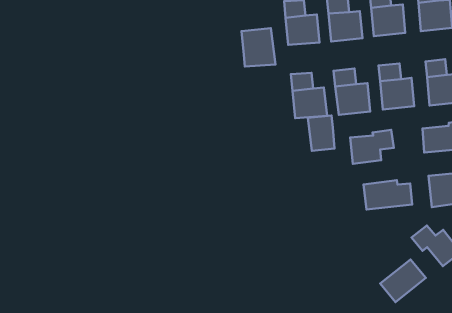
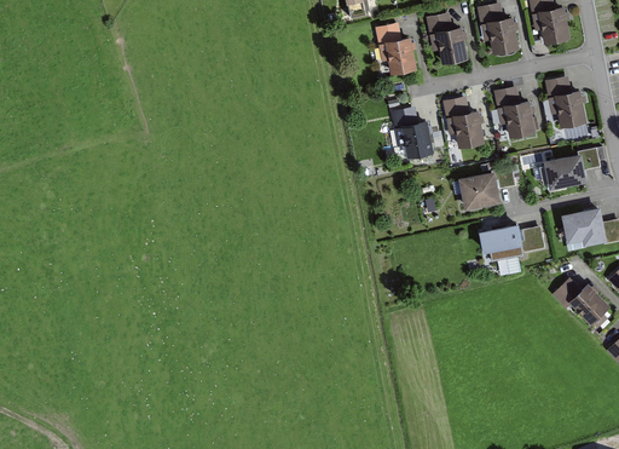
building: [242,28,276,66] -> none
building: [308,115,335,151] -> none
building: [380,259,426,302] -> none

